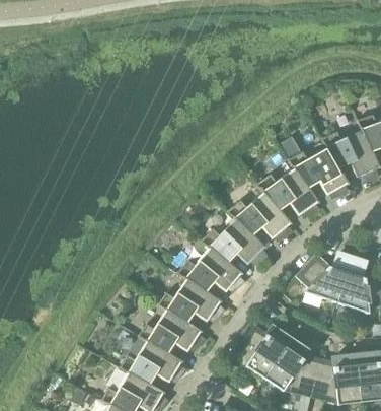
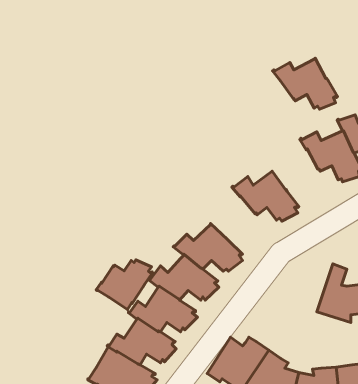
building: [289,147,351,196] -> [273,58,338,109]
building: [228,192,293,238] -> none
building: [300,253,354,302] -> none
building: none -> [96,260,153,310]

